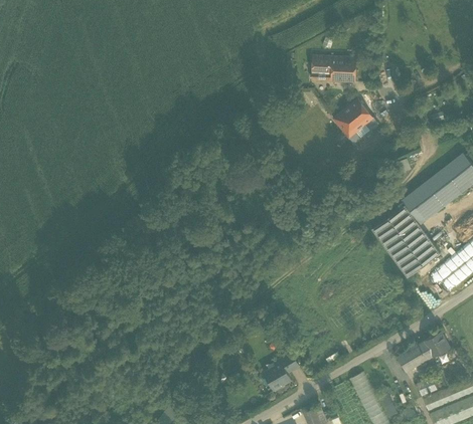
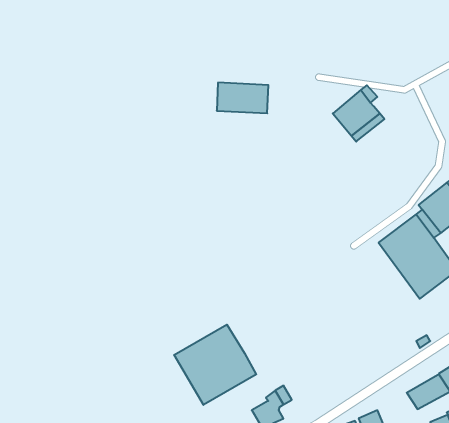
building: [311,56,355,82] -> [217,83,268,113]
building: none -> [174,325,256,405]

